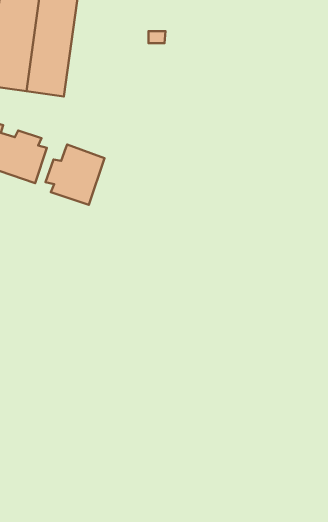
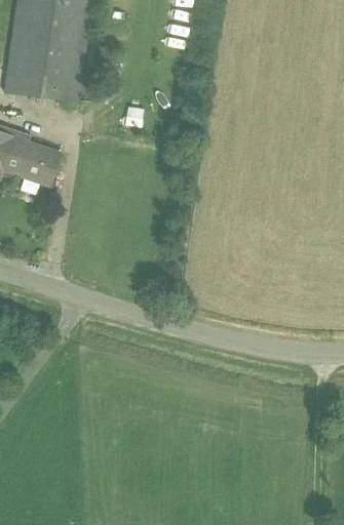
building: [46,145,104,205] -> none

